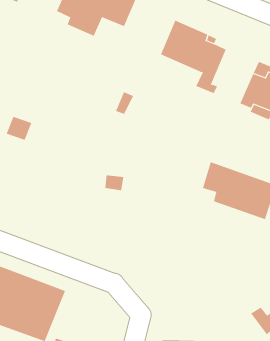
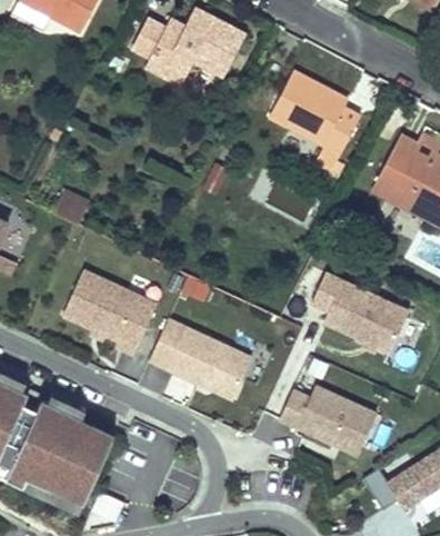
building: none -> [62,268,154,354]
building: none -> [148,318,251,400]
building: none -> [280,386,376,456]

